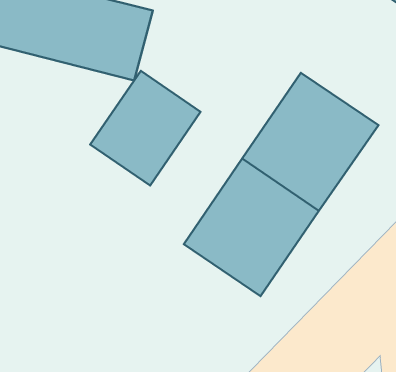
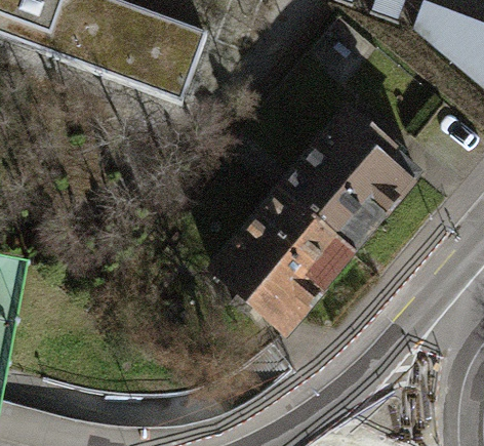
building: [90,71,201,186] -> none

